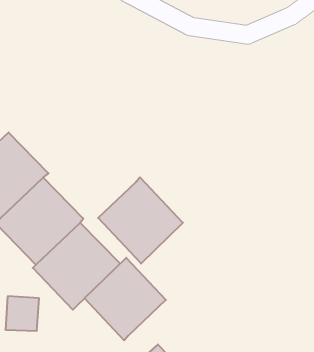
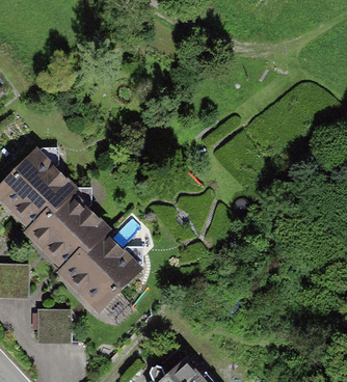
building: [98,177,183,264] -> none
building: [85,258,166,340] -> none

